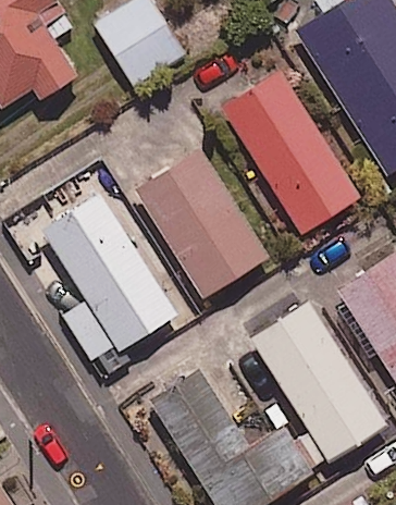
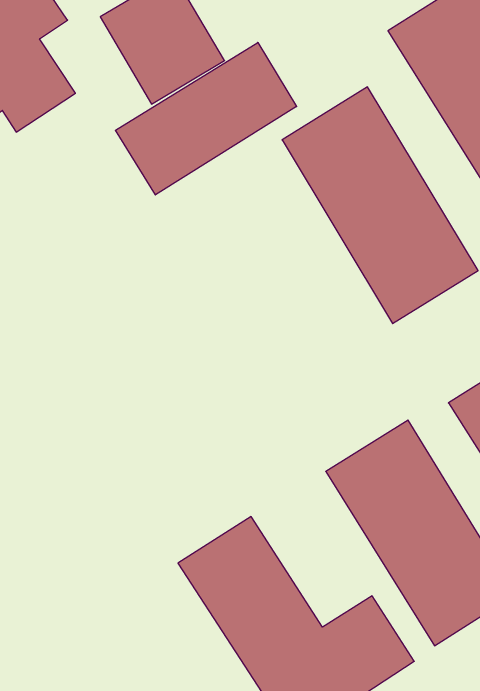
building: none -> [115,42,297,195]
building: [135,148,268,298] -> none
building: [38,186,176,366] -> none

